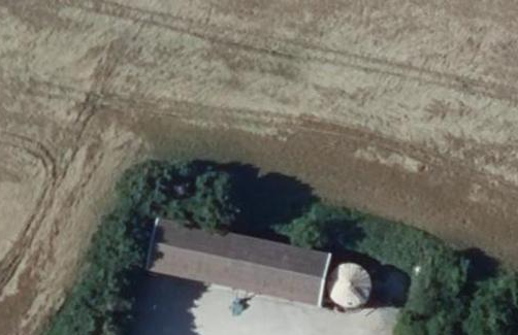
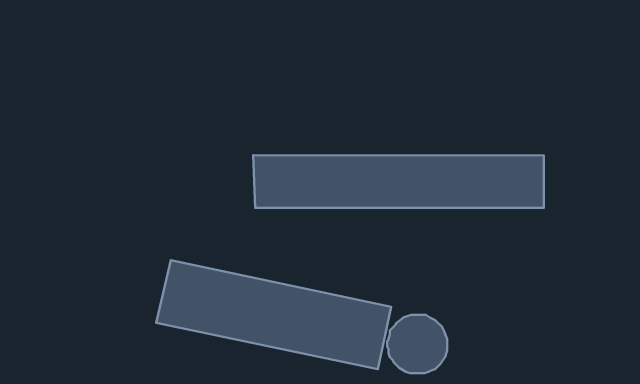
building: none -> [253,155,544,208]

